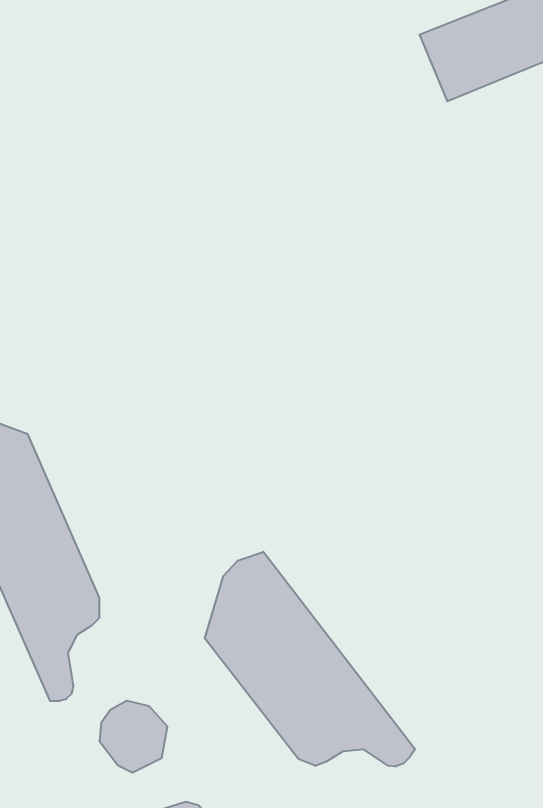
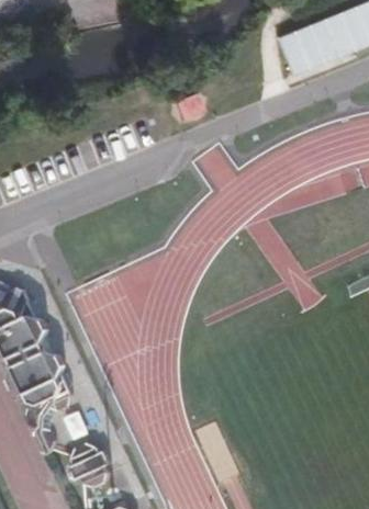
building: [205,552,415,767] -> none

